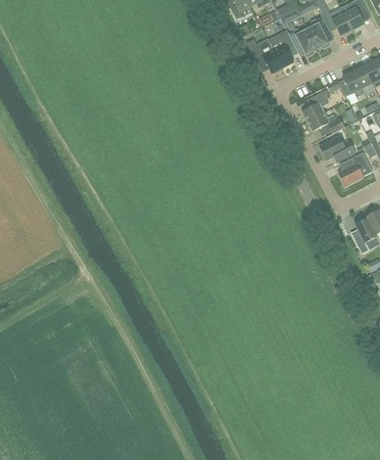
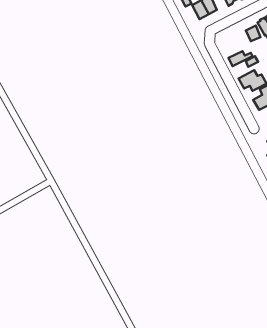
building: [301,88,330,120] -> none

